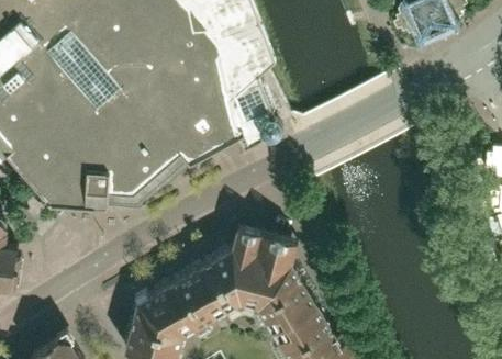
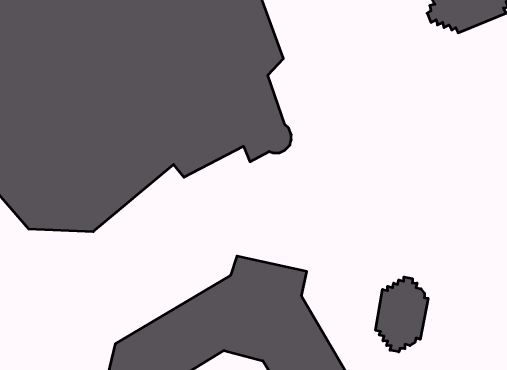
building: none -> [376,277,428,352]

